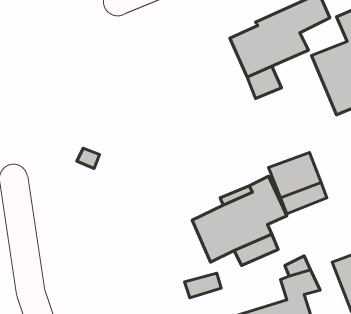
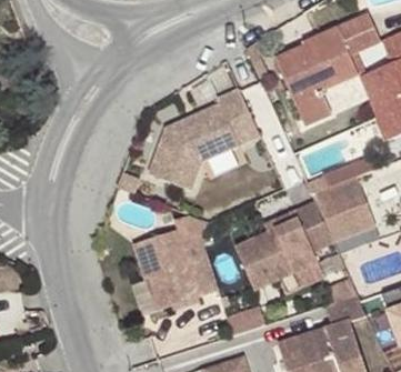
building: none -> [151,90,260,190]
building: none -> [133,225,218,311]

